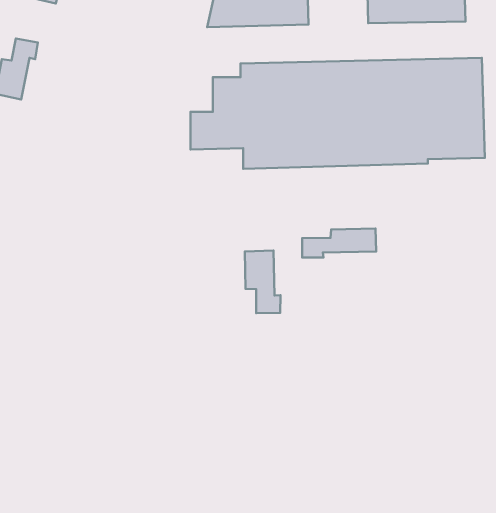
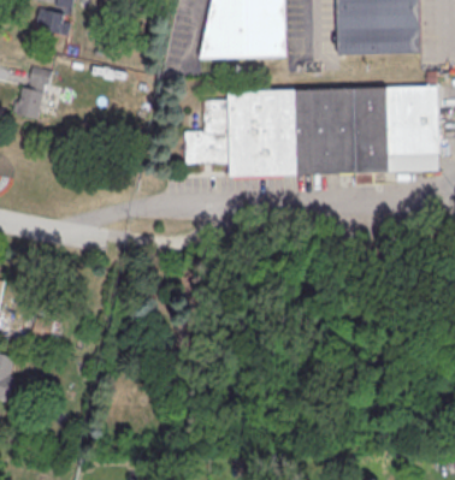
building: [302,229,376,257] -> none
building: [245,251,280,313] -> none

